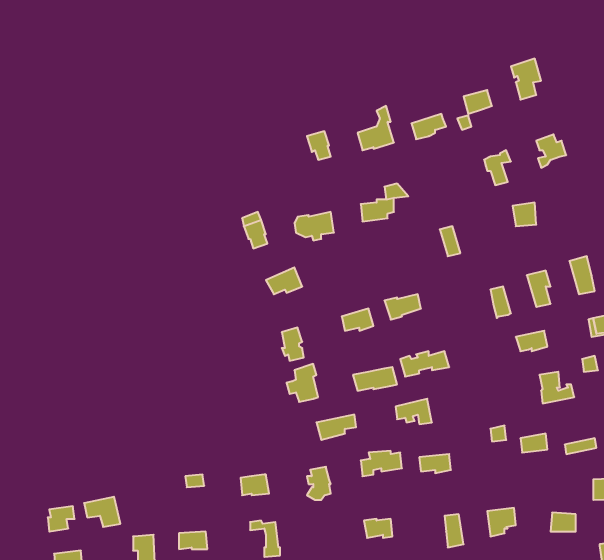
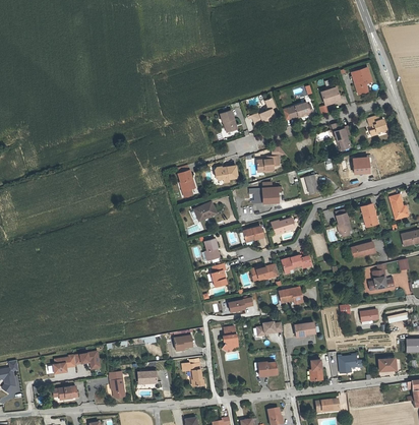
building: none -> [252,189,279,203]

